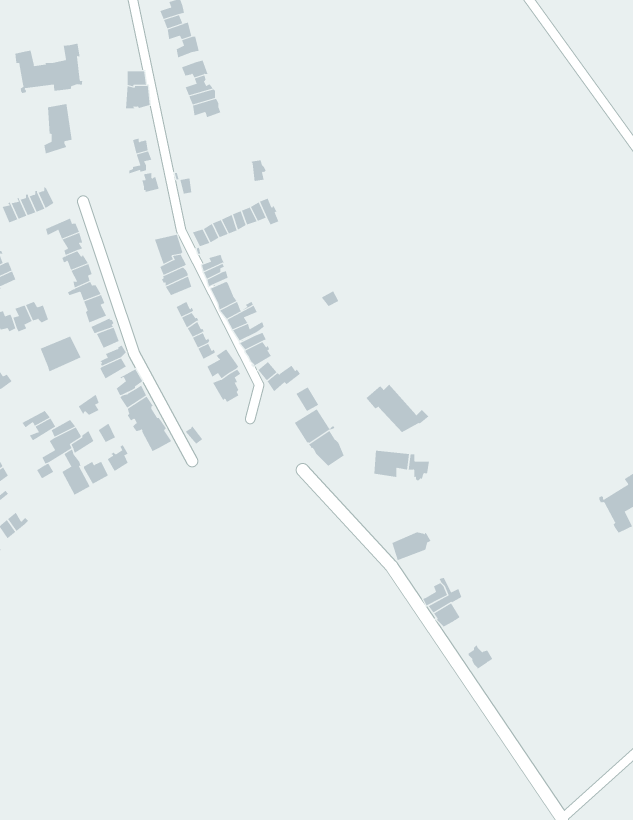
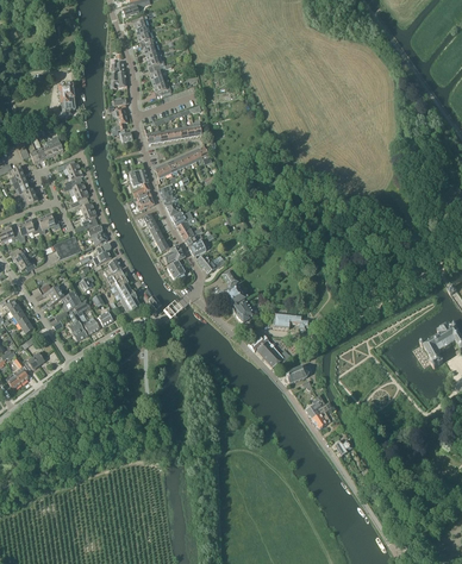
building: [15,43,83,94] -> none
building: [366,384,429,433] -> [248,334,289,366]

